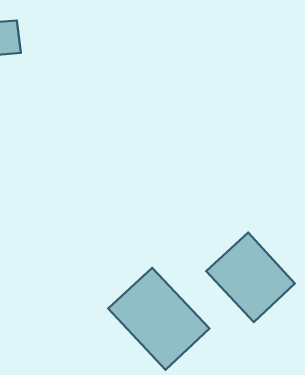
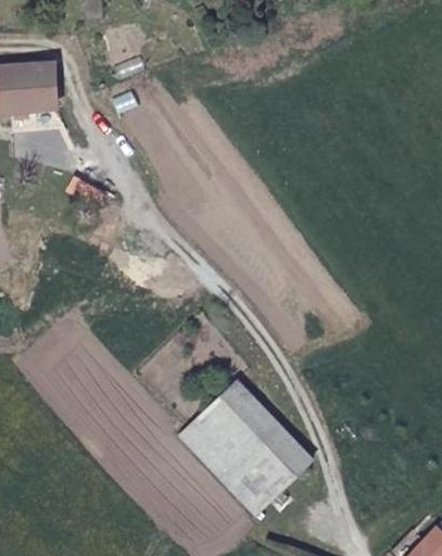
building: [206,233,295,322] -> none

